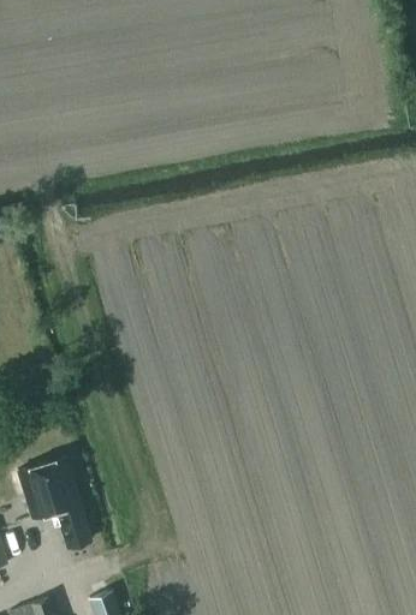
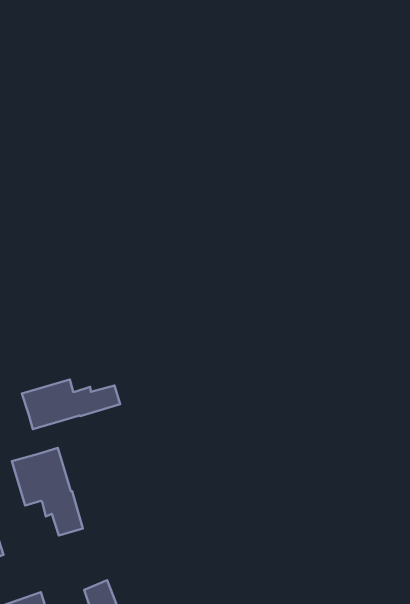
building: none -> [22,379,120,429]

